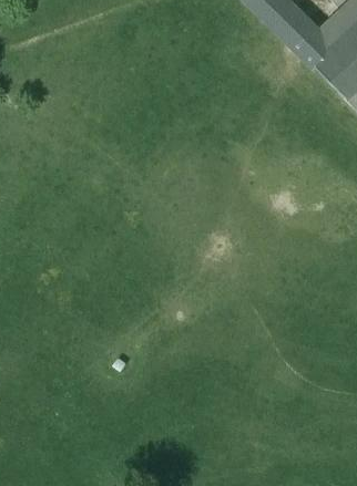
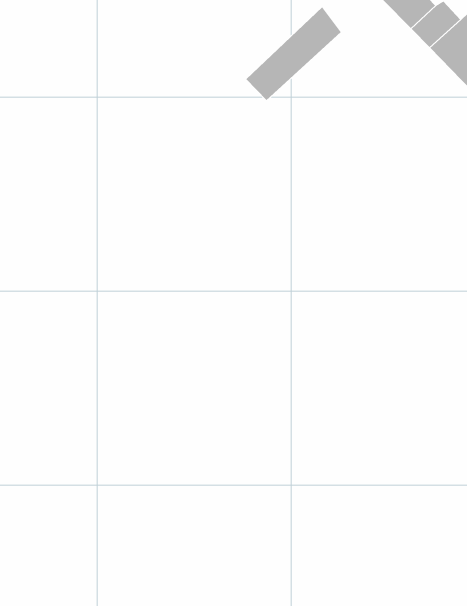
building: none -> [246,7,342,101]

